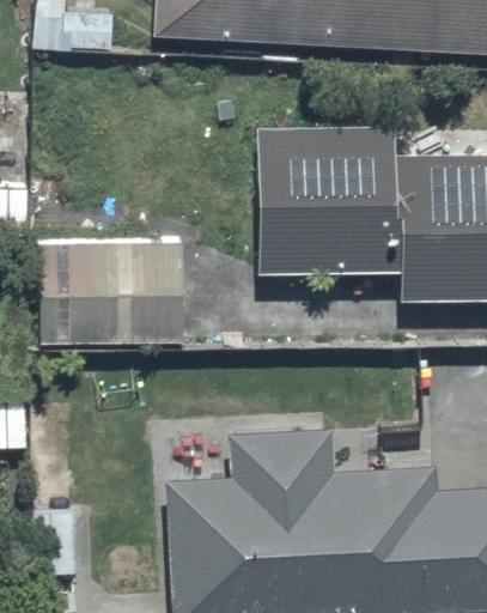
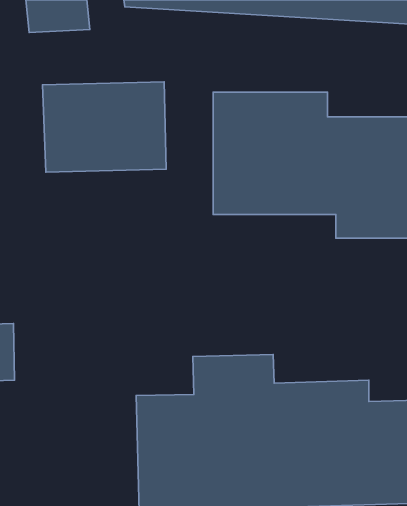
building: [38,239,182,345] -> [43,82,166,172]

